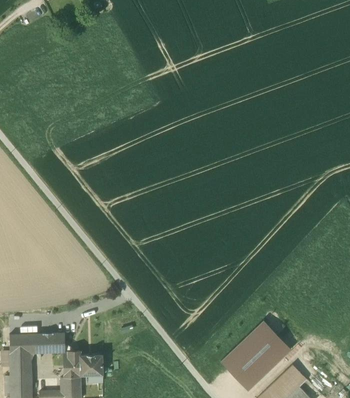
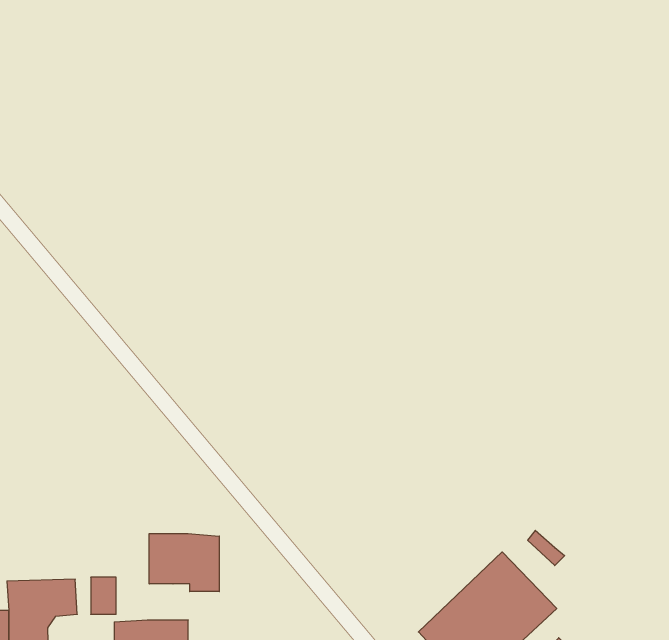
building: none -> [149,534,219,592]

